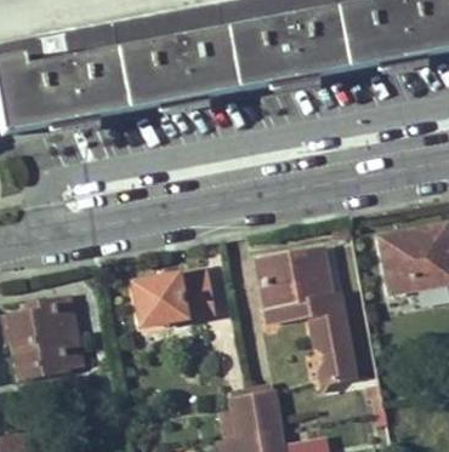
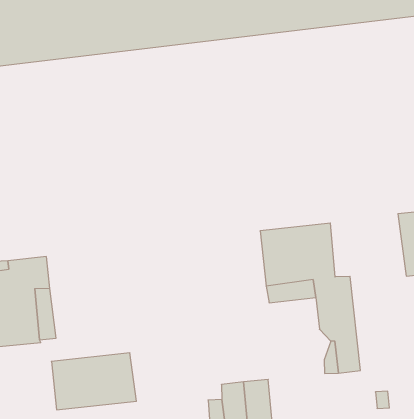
building: [136,269,214,324] -> [51,353,136,410]

